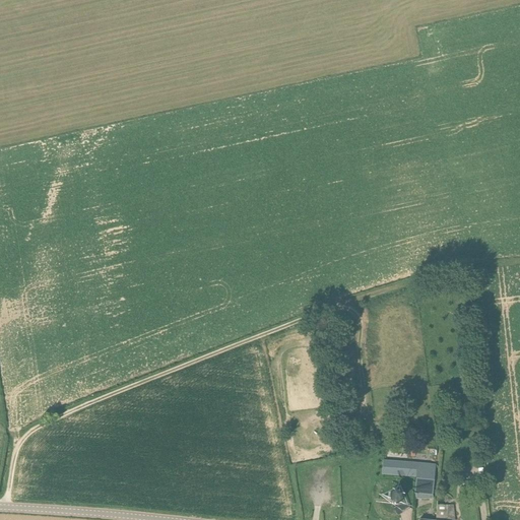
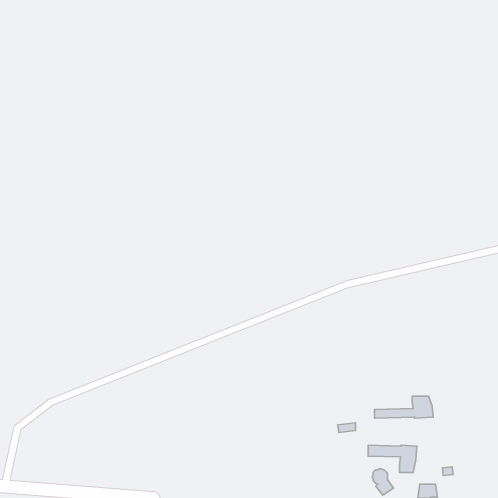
building: none -> [375,396,433,418]

